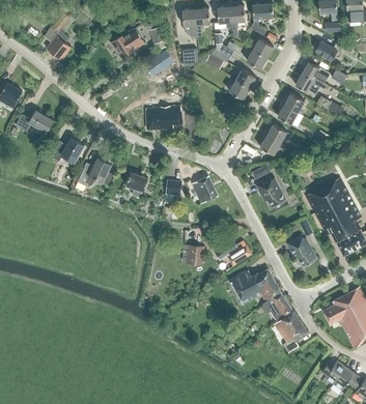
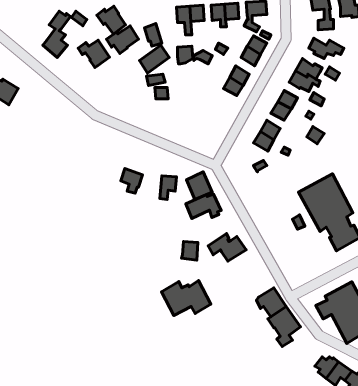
building: none -> [97,6,125,34]
building: none -> [78,40,110,67]
building: [145,106,181,129] -> none
building: [16,110,54,133] -> none
building: [51,138,84,162] -> none
building: [78,157,113,185] -> none
building: [255,176,286,207] -> none
building: none -> [186,194,221,218]
building: [286,235,316,266] -> none
building: [230,268,280,304] -> [161,281,211,316]

